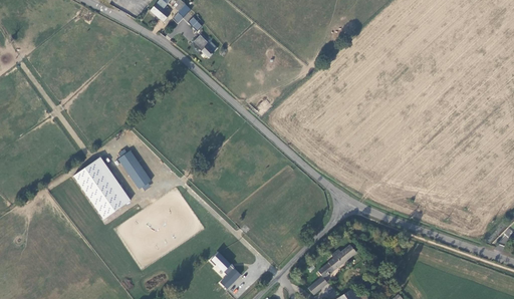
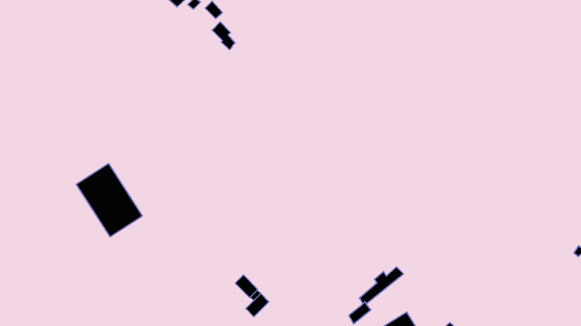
building: [118,150,152,189] -> none

